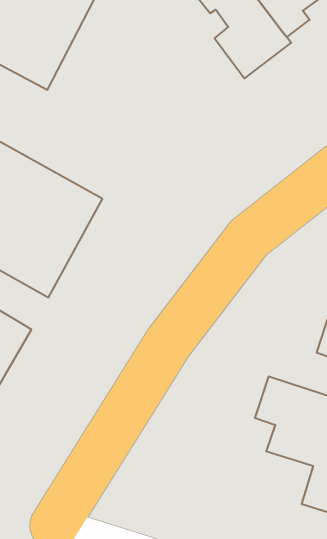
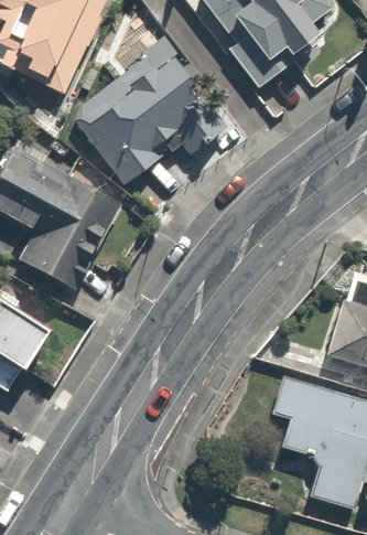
building: none -> [75,50,224,180]

